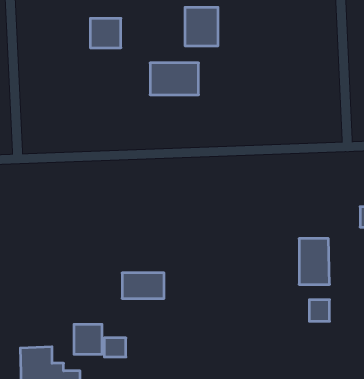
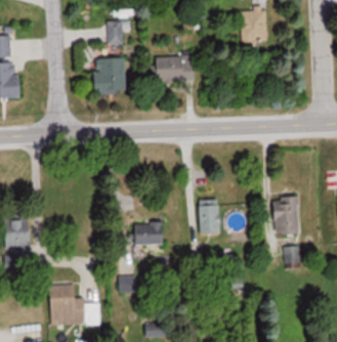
building: [185,7,218,46] -> [239,10,265,41]
building: none -> [95,57,126,93]
building: none -> [199,205,220,233]
building: [74,324,102,354] -> none

